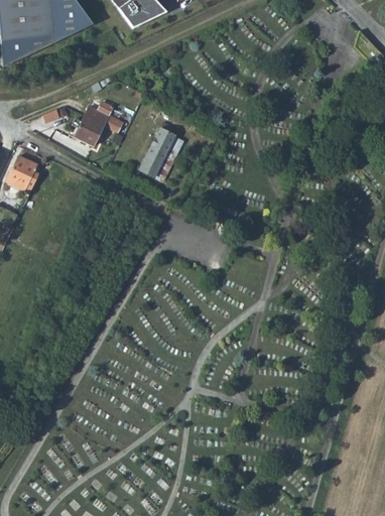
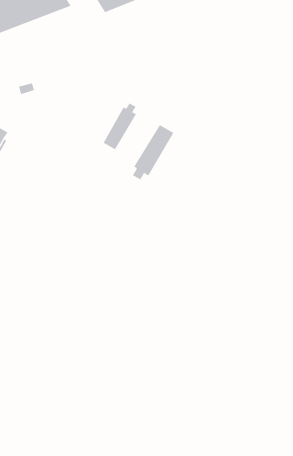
building: [74,101,121,145] -> none
building: none -> [132,124,174,180]

